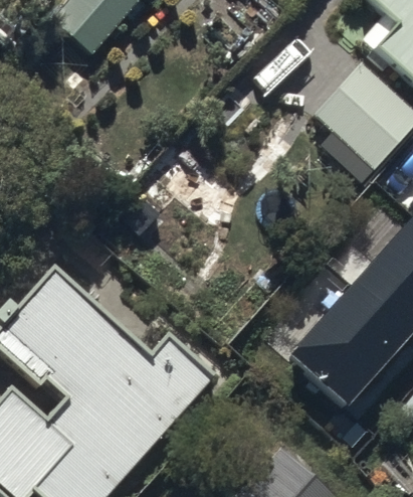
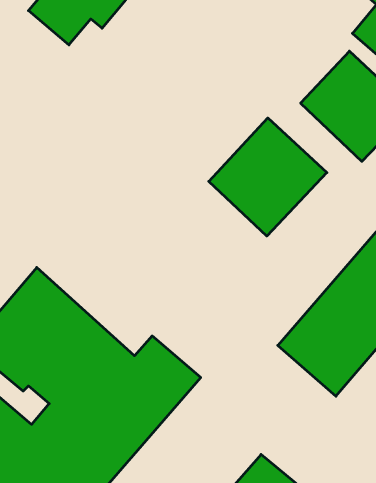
building: none -> [209,118,327,236]

